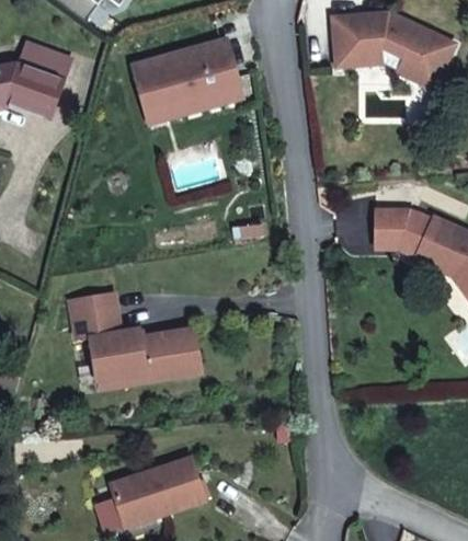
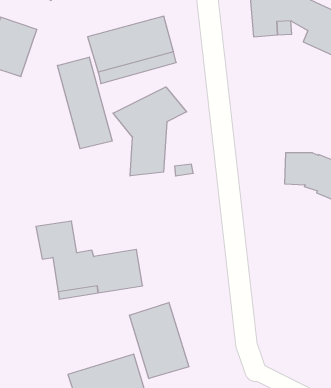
building: none -> [57,57,112,149]
building: none -> [113,87,187,176]
building: none -> [129,302,189,379]

